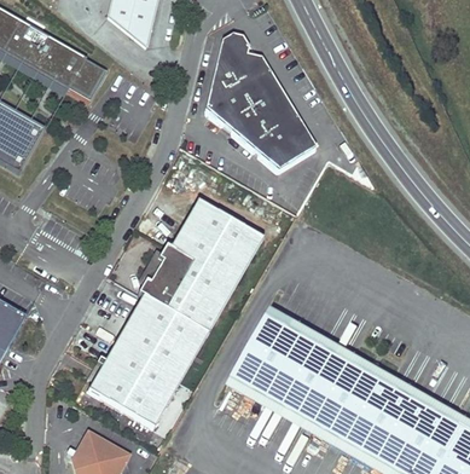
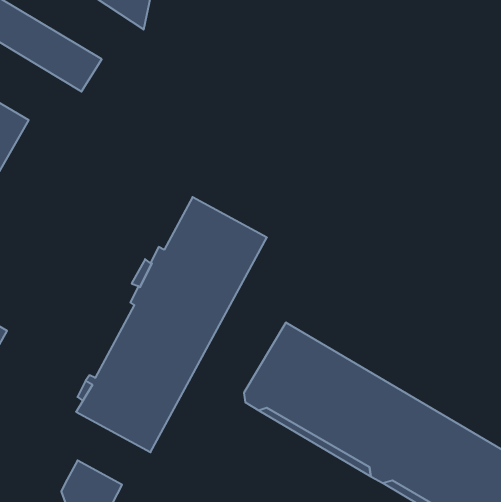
building: [205,33,311,162] -> none

